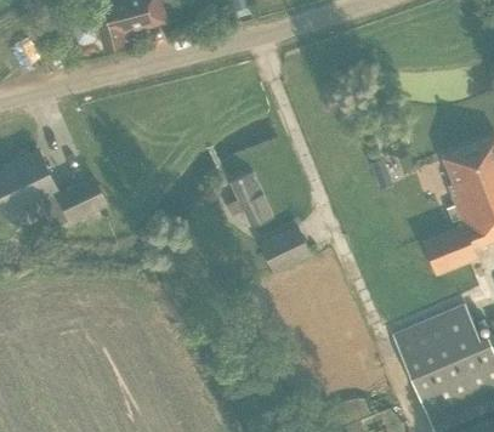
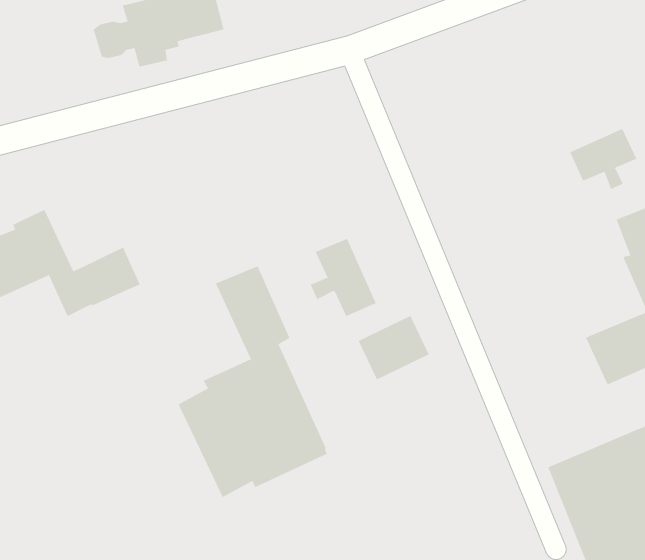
building: none -> [570,128,637,190]
building: none -> [178,265,327,498]

